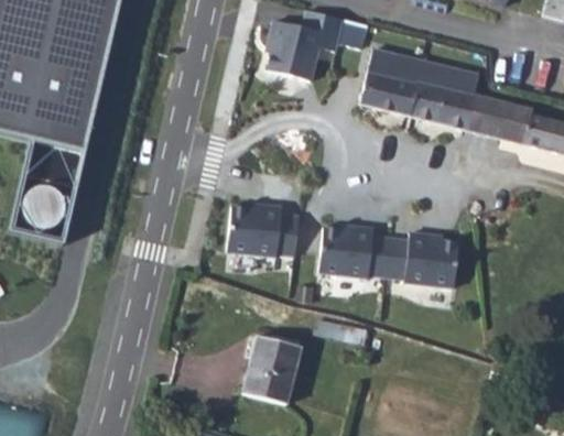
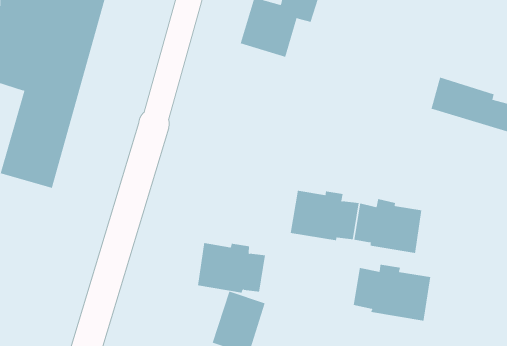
building: [358,51,479,131] -> none
building: [229,205,301,258] -> [197,243,266,293]
building: none -> [353,264,431,321]

